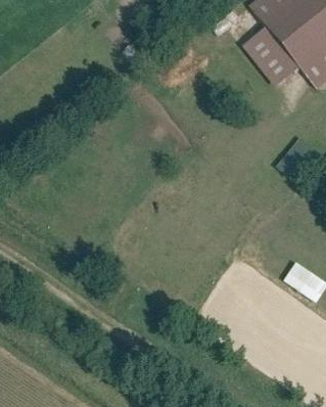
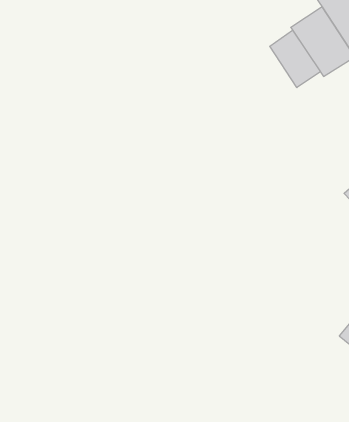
building: none -> [270,30,321,88]

